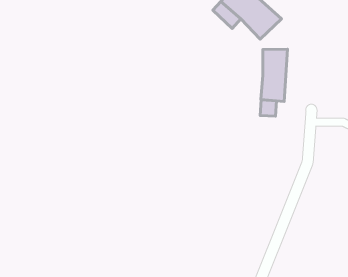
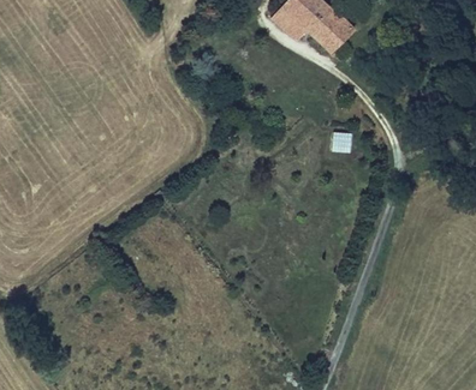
building: [261,49,288,102] -> none

